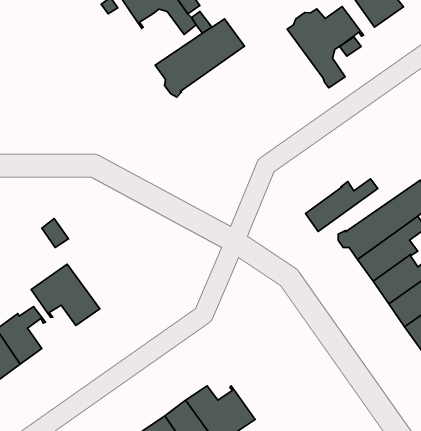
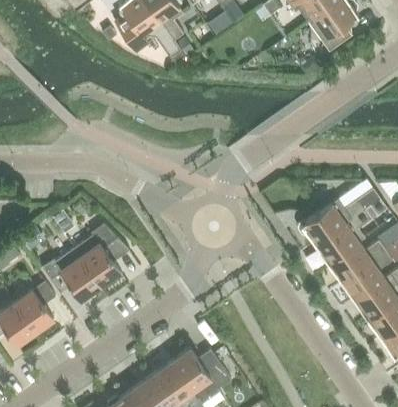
building: [287,6,363,88] -> none
building: [155,19,244,97] -> none
building: [305,179,378,231] -> none
building: none -> [74,226,130,286]

